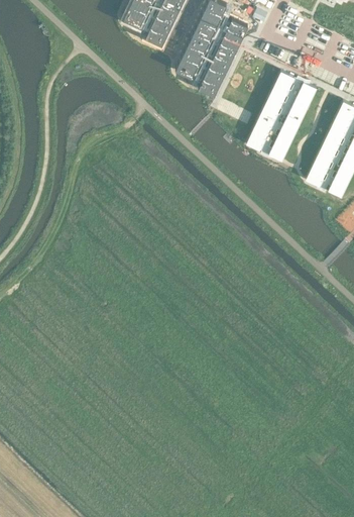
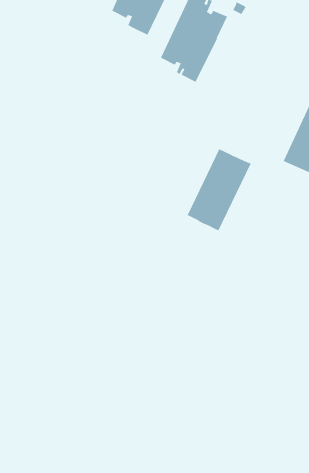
building: [246,72,316,161] -> [187,149,252,231]

